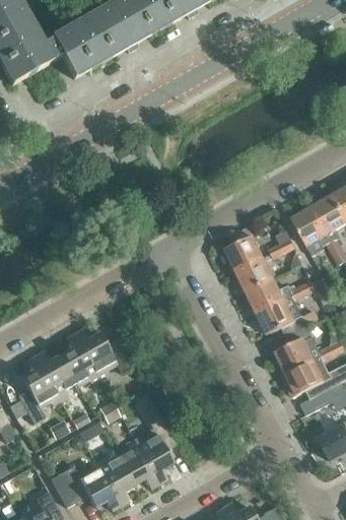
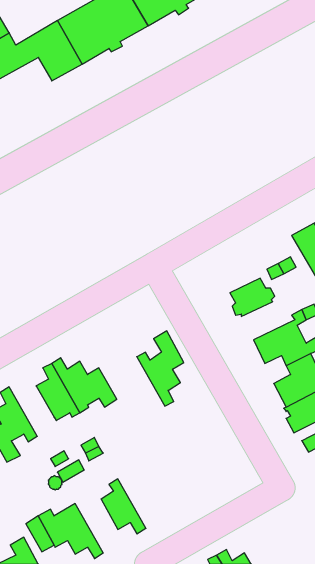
building: [223,235,263,269] -> none
building: [246,277,294,312] -> none
building: [36,349,76,399] -> none
building: [134,414,177,482] -> [137,331,184,406]
building: [95,455,134,505] -> none

